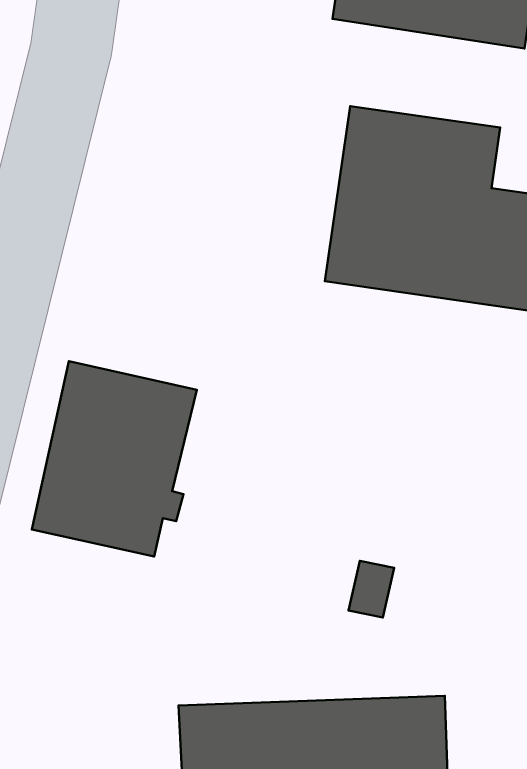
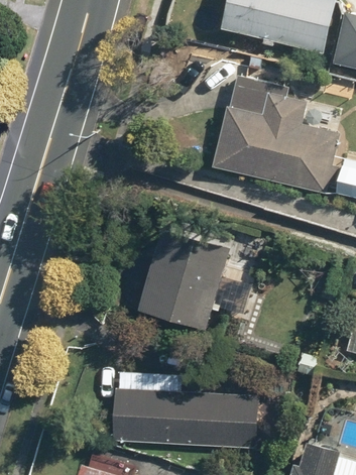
building: [32,361,197,556] -> [138,222,232,330]

